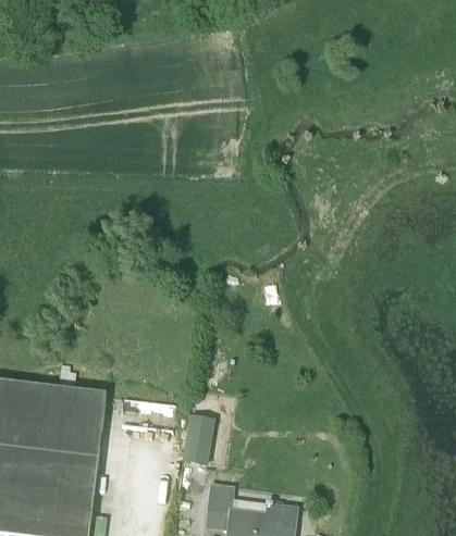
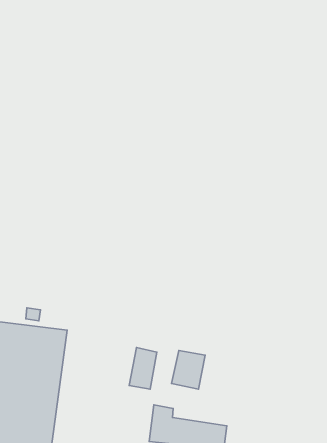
building: none -> [172,351,205,389]

